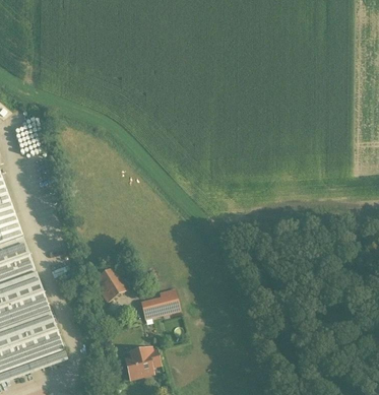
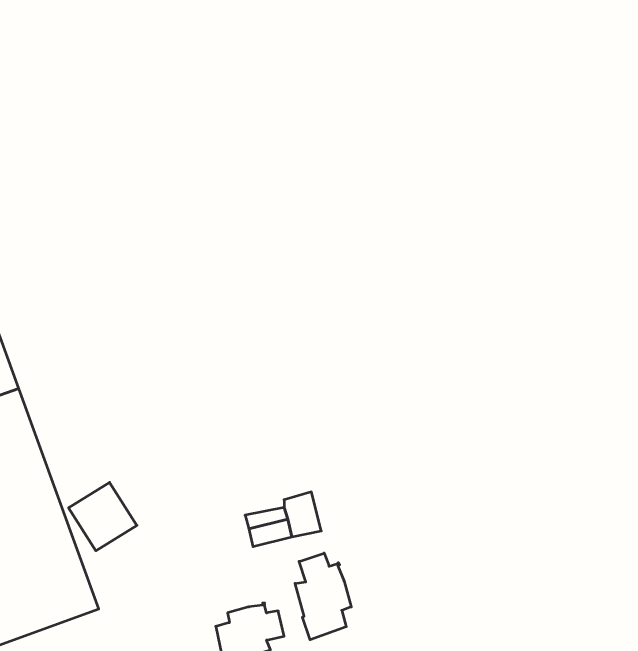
building: [93,267,129,303] -> [69,482,137,551]
building: none -> [295,553,351,640]

